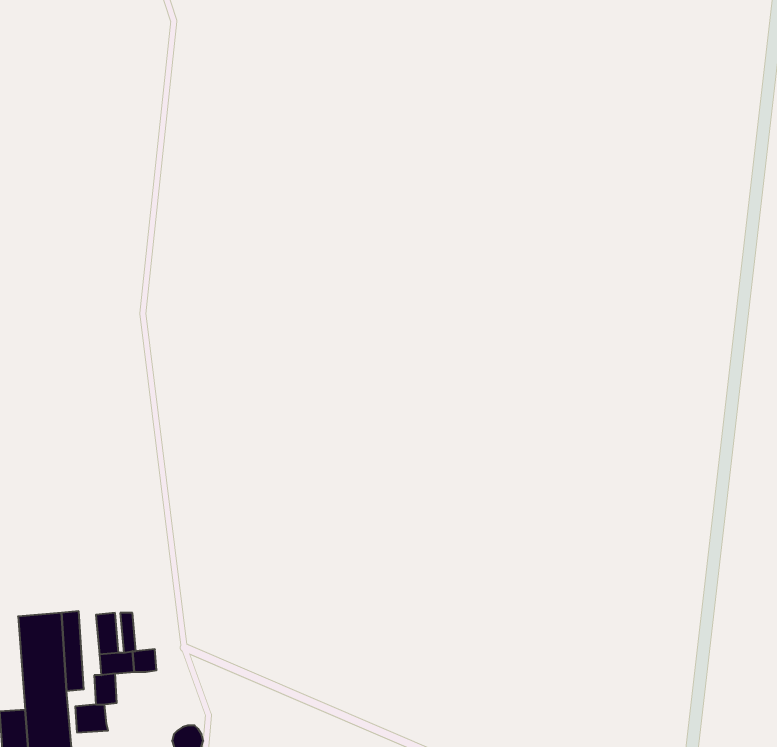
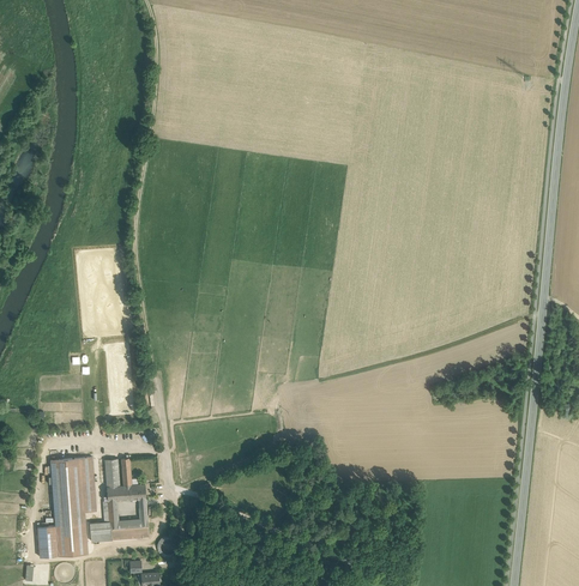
building: none -> [109,519,149,539]

